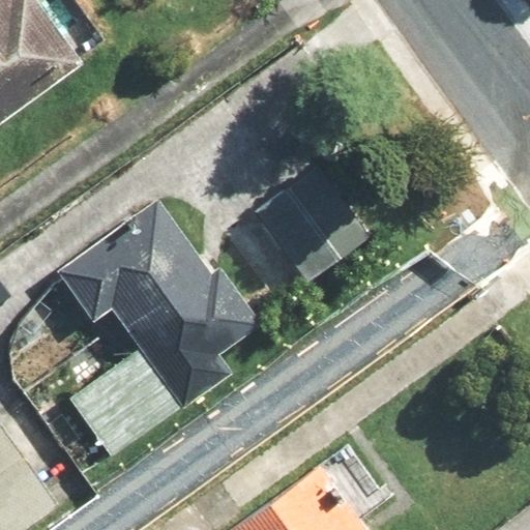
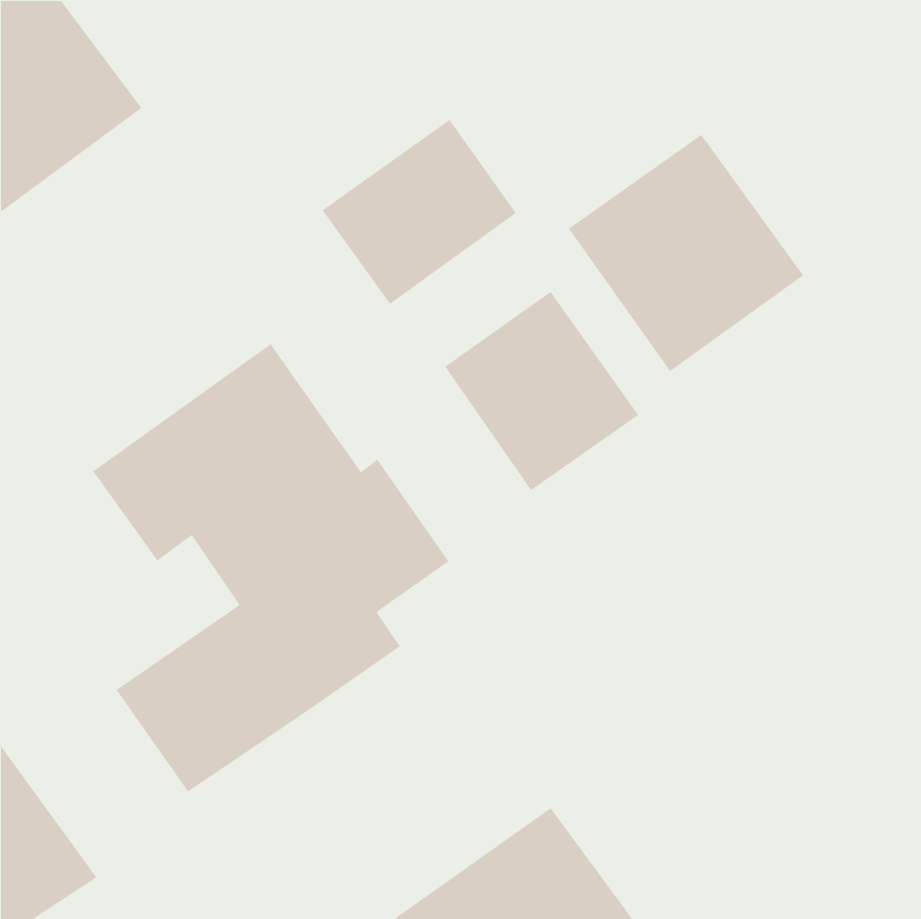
building: none -> [322,119,517,305]
building: none -> [568,134,804,372]

